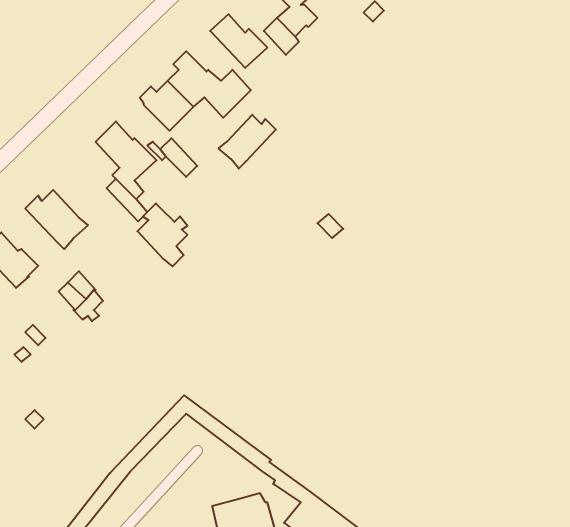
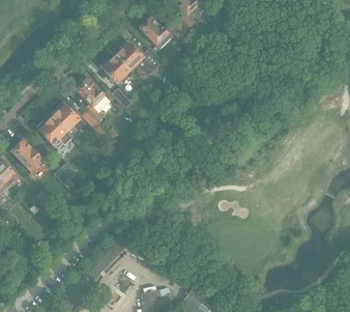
building: [219,115,276,169] -> none
building: [137,203,187,266] -> [50,102,78,137]

